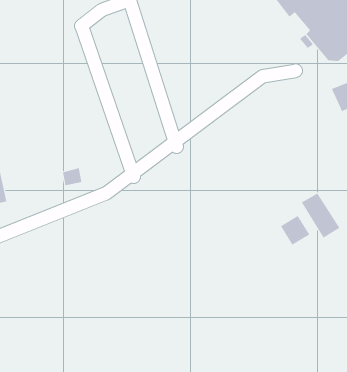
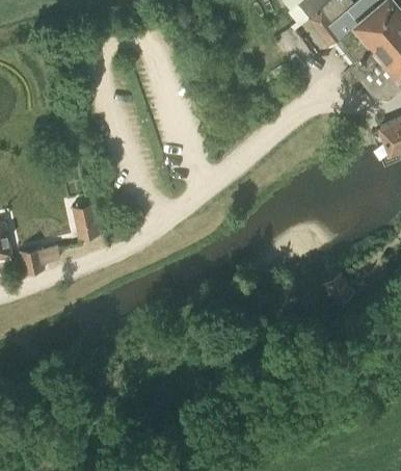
building: none -> [21,245,60,273]
building: [301,193,340,238] -> none

